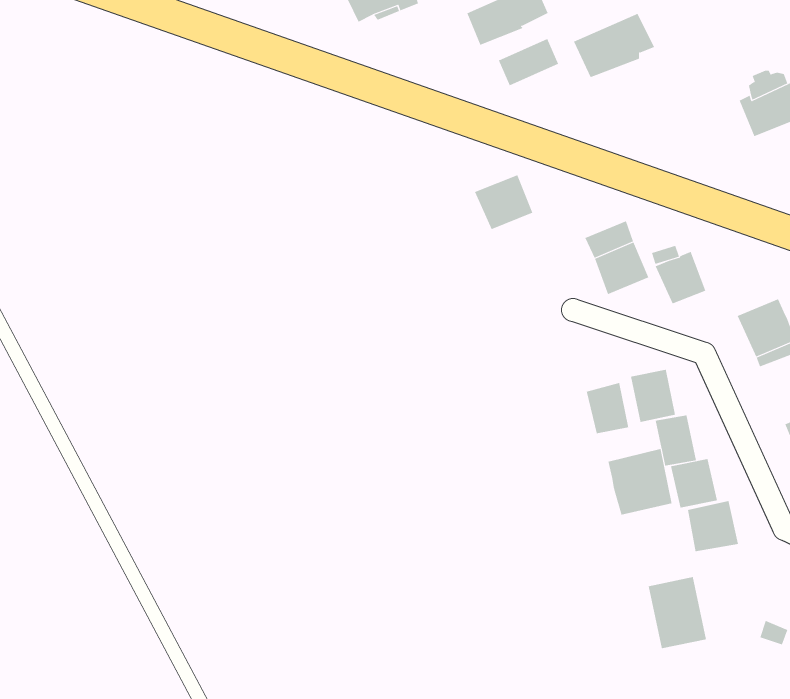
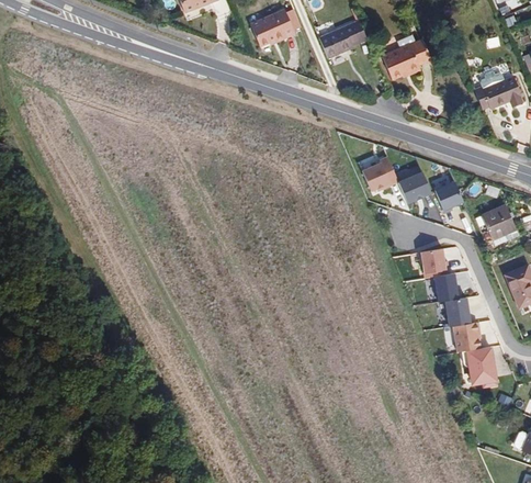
building: [498,38,559,86] -> none
building: [474,175,533,230] -> [360,159,394,191]
building: [586,382,629,434] -> none
building: [608,448,672,515] -> none
building: [648,577,707,649] -> [463,346,497,387]

